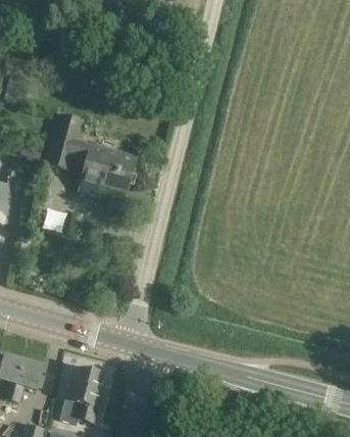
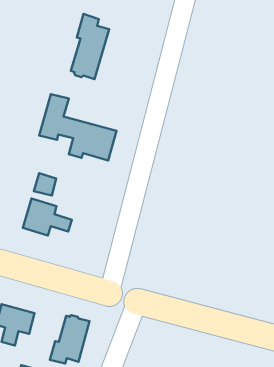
building: none -> [71,14,109,79]
building: none -> [23,199,72,235]

